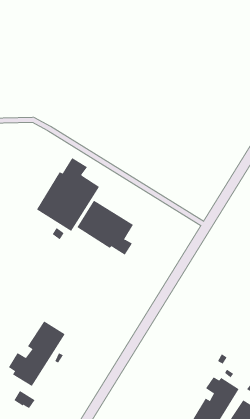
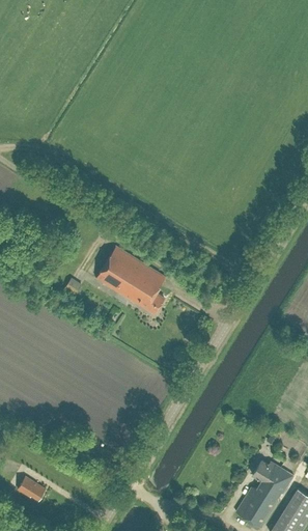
building: [36,157,100,232] -> none
building: [8,320,65,387] -> none

